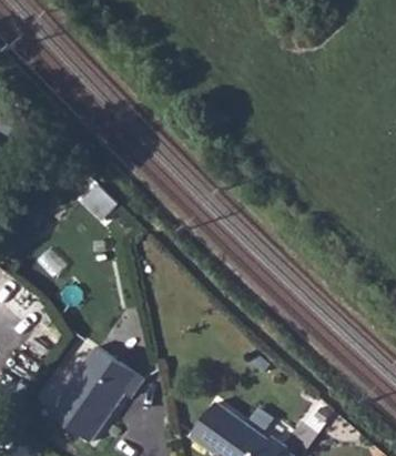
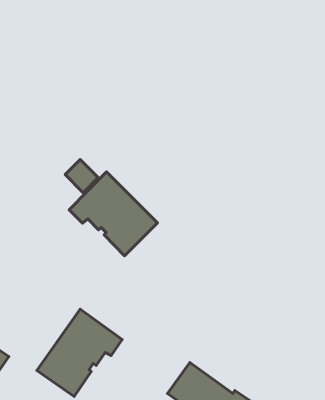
building: none -> [69,172,158,256]

